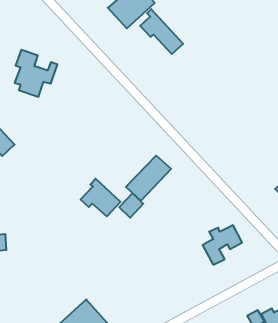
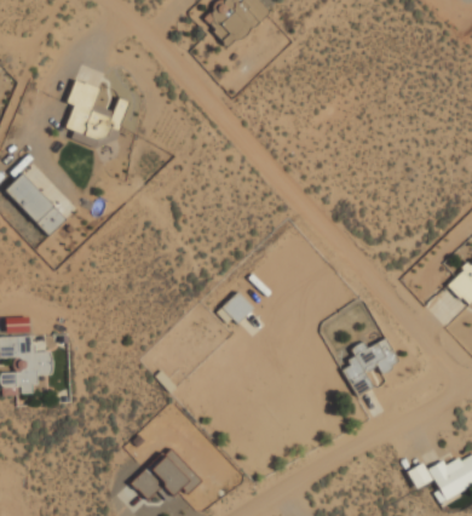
building: [140,9,183,54] -> none
building: [126,156,171,201] -> none
building: [81,179,120,216] -> none

